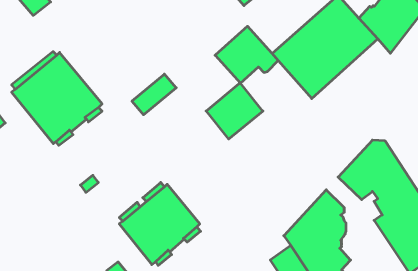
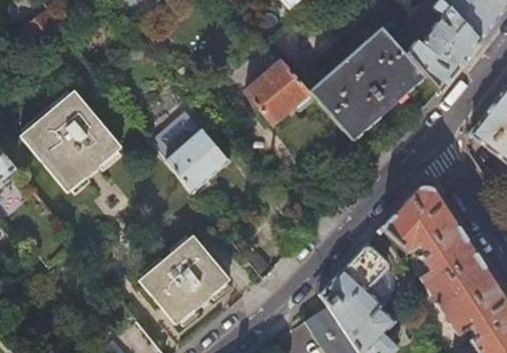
building: [206,83,263,139] -> [166,128,229,191]

